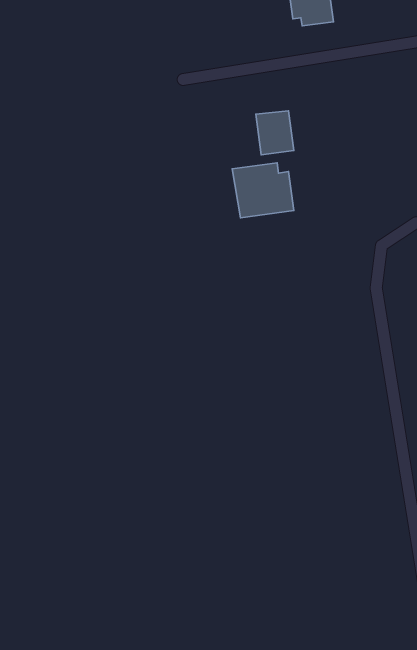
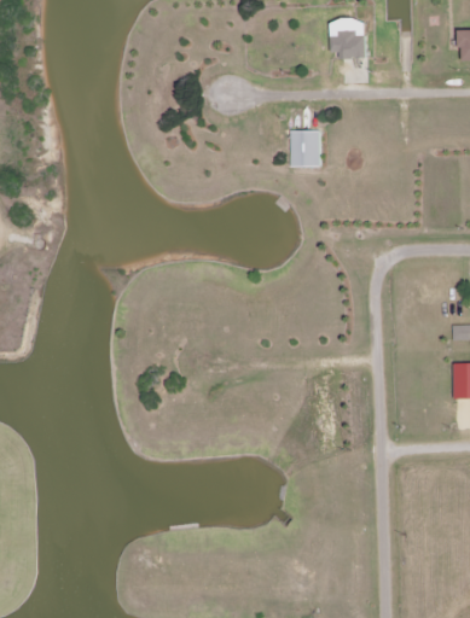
building: [232,163,294,218] -> none

